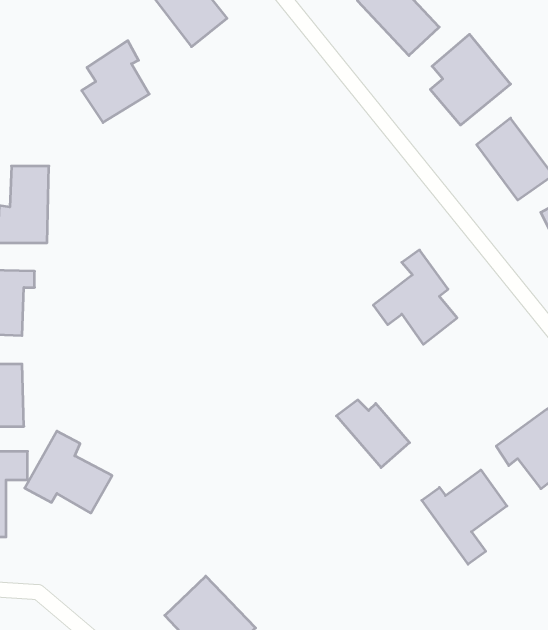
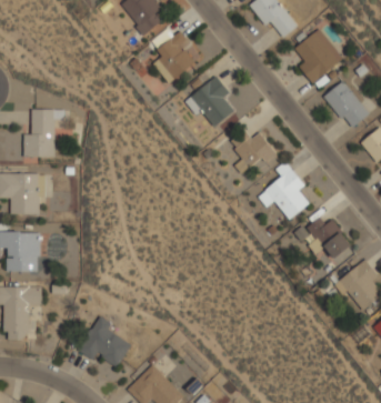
building: [82,41,149,123] -> [153,31,195,82]
building: none -> [184,75,234,127]
building: none -> [230,130,277,174]
building: [336,400,410,468] -> [307,216,352,259]
building: [25,431,112,513] -> [78,315,132,366]
building: [422,470,507,564] -> none

